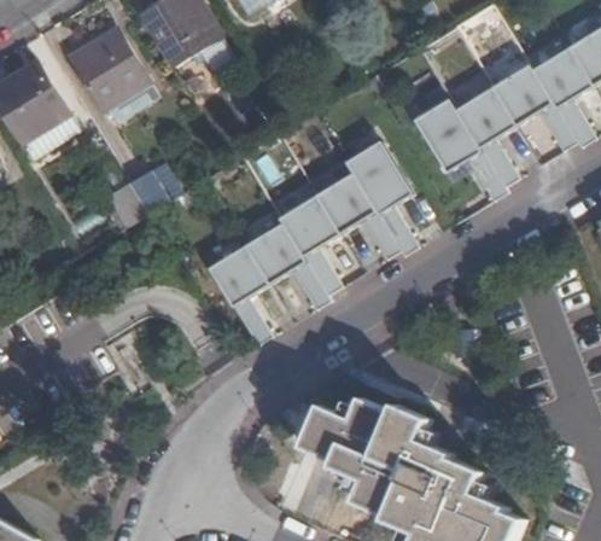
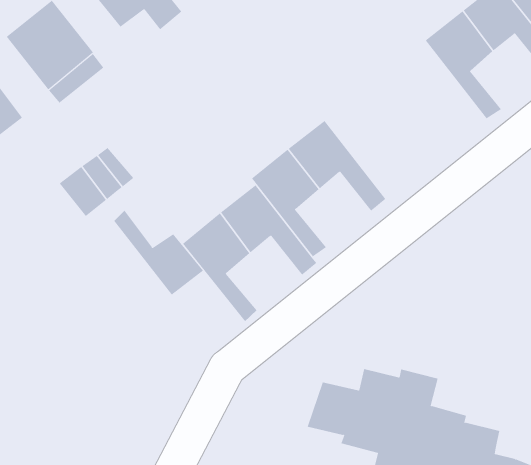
building: [413,95,503,199] -> none
building: [344,138,415,252] -> none
building: none -> [113,210,204,296]

